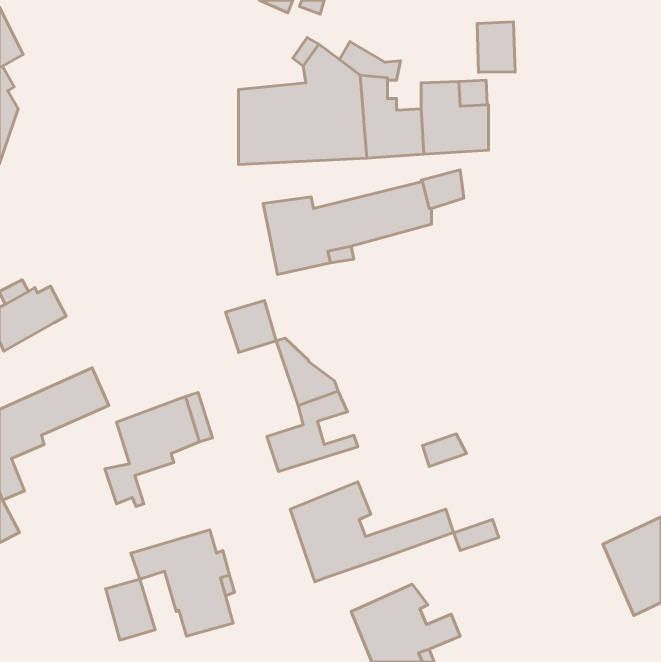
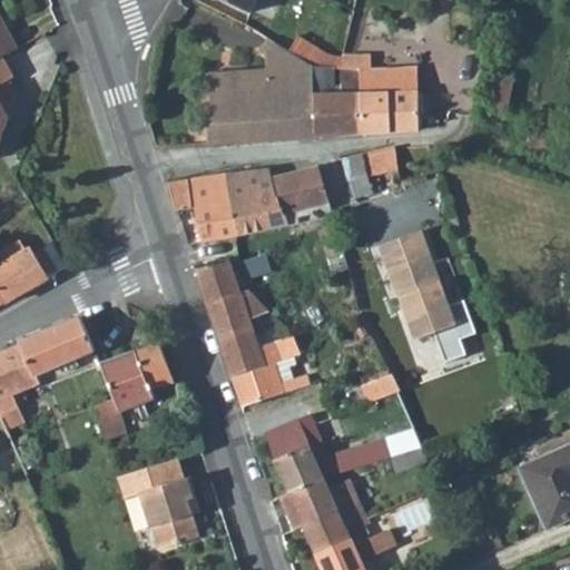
building: [477,22,515,72] -> none
building: none -> [166,175,238,244]
building: none -> [380,227,481,364]
building: none -> [205,293,261,375]
building: none -> [279,481,364,529]
building: [105,579,155,640] -> none

